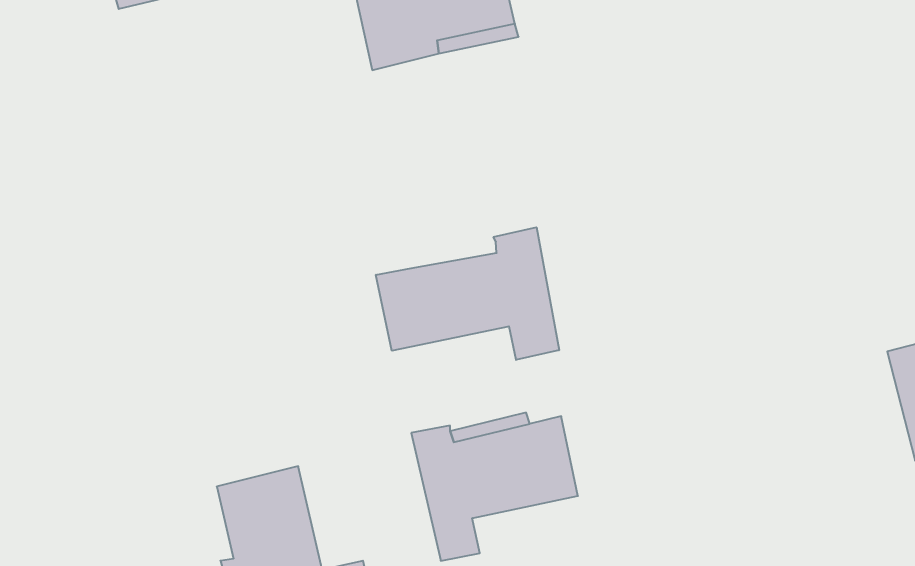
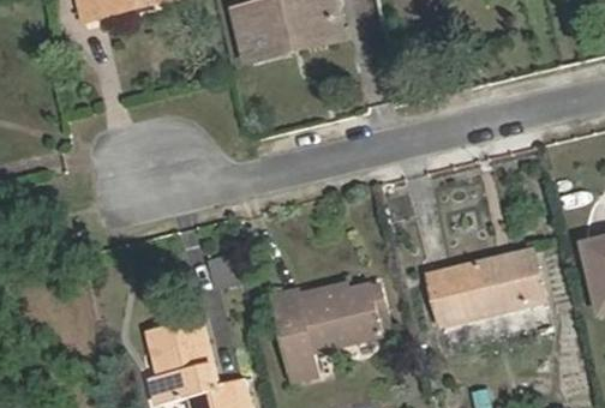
building: [376,227,559,360] -> none
building: none -> [426,250,545,325]

